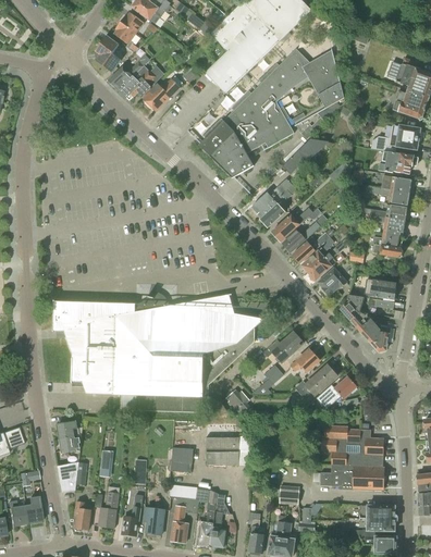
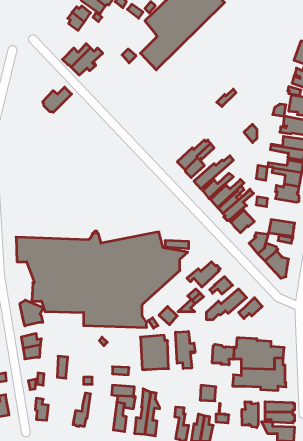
building: [95,36,119,71] -> none
building: [199,48,343,177] -> none
building: [143,78,178,110] -> [43,87,72,112]
building: [282,138,333,174] -> none
building: none -> [20,300,43,326]
building: none -> [176,331,195,369]
building: none -> [212,344,234,365]
building: [98,484,119,528] -> none
building: [143,495,164,534] -> none
building: none -> [242,402,258,428]

